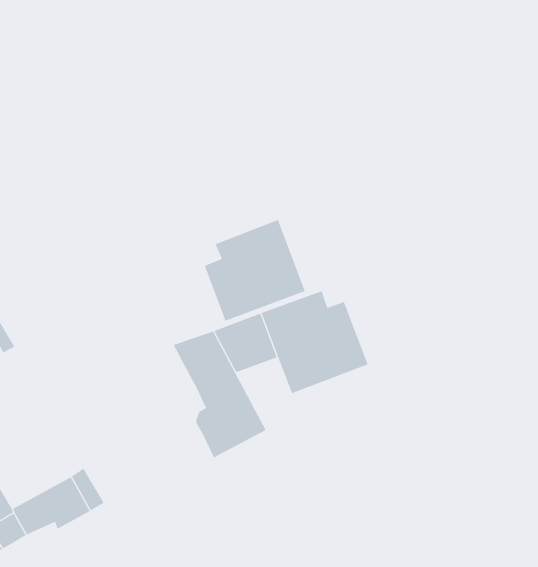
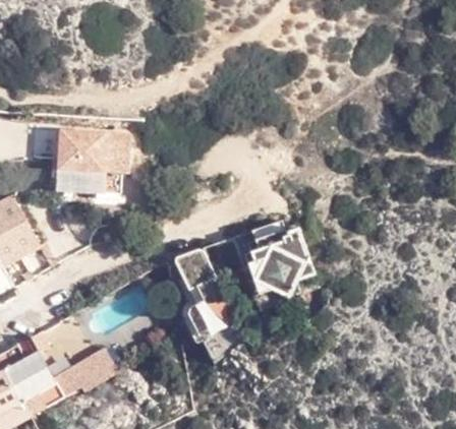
building: none -> [52,127,127,192]
building: [204,219,305,322] -> none

